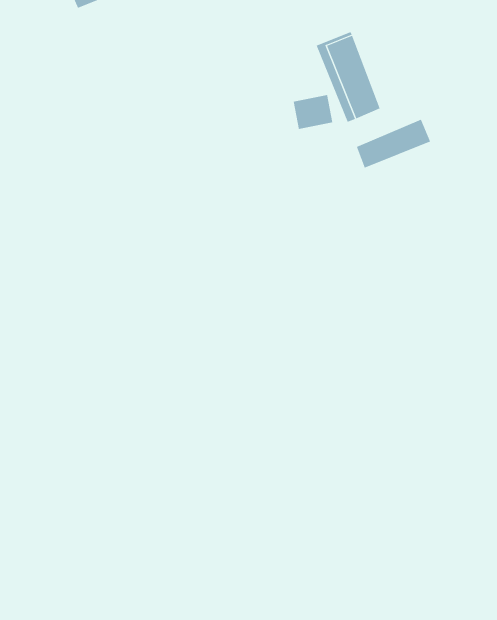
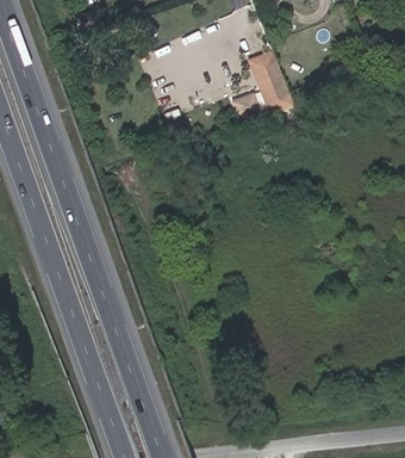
building: [356,119,431,169] -> none

